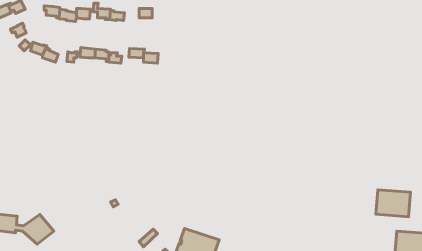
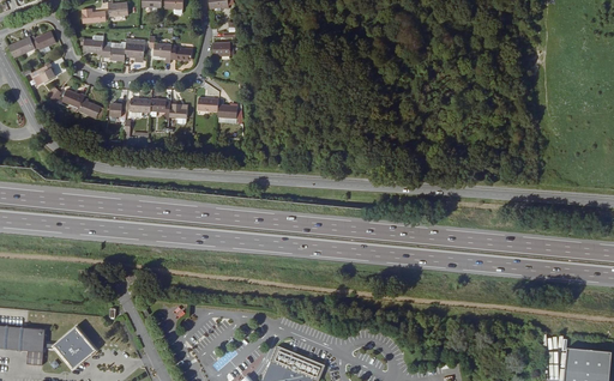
building: [376,190,410,217] -> none

